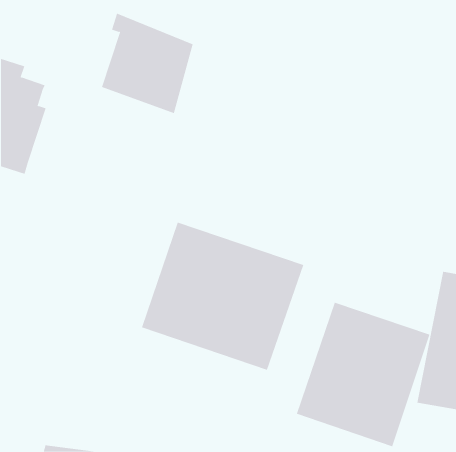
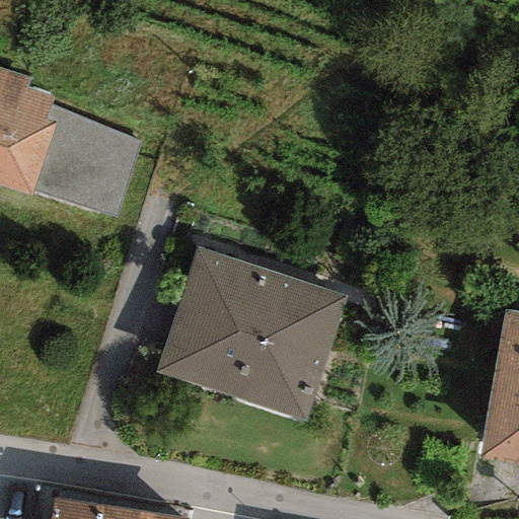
building: [101,13,193,114] -> [33,100,138,215]
building: [296,302,430,447] -> none

